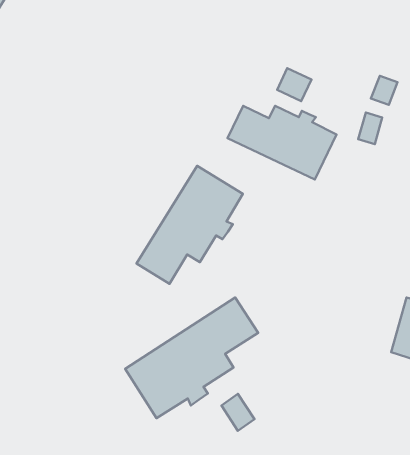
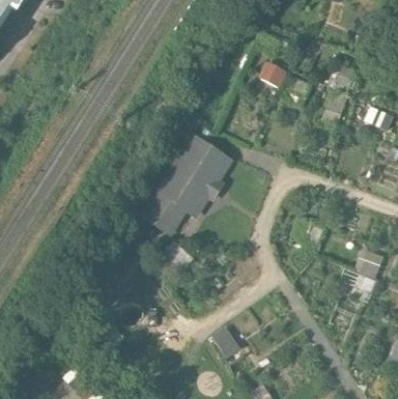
building: [228,106,336,180] -> none
building: [125,297,258,418] -> none

